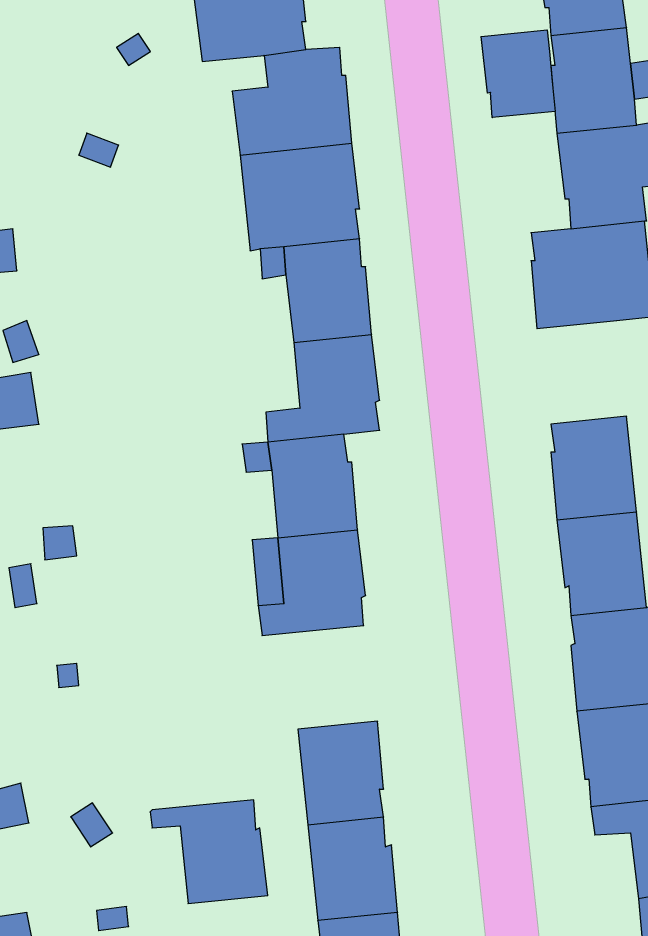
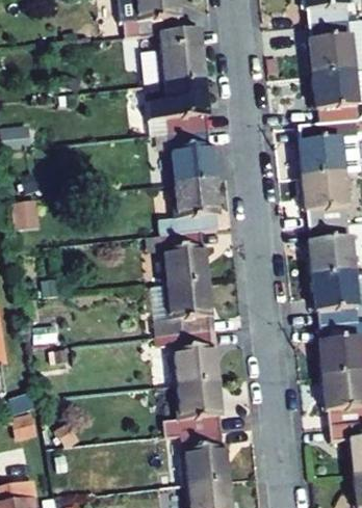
building: [481,30,555,118] -> none
building: none -> [302,172,348,226]
building: [150,800,268,904] -> [157,331,218,385]

